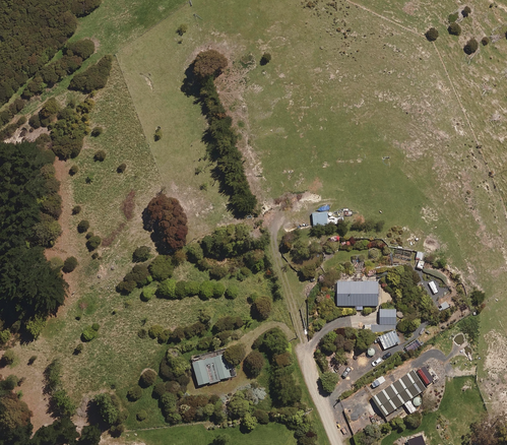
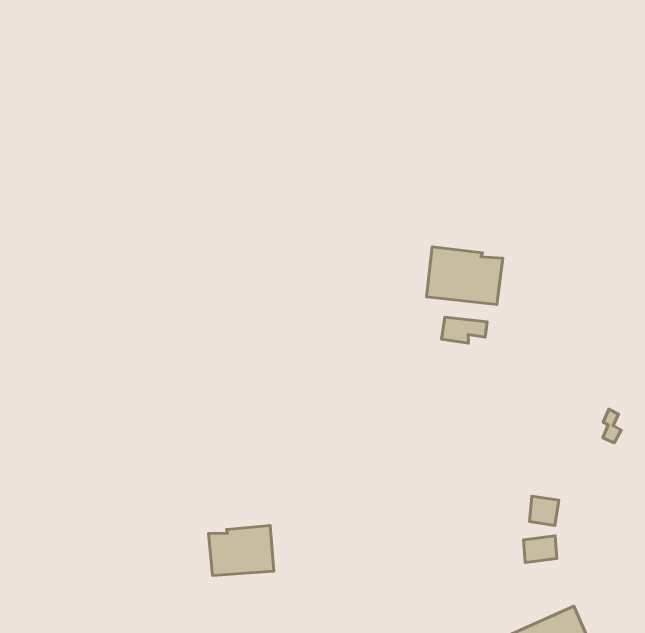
building: none -> [427,247,503,304]
building: [336,280,378,306] -> none

